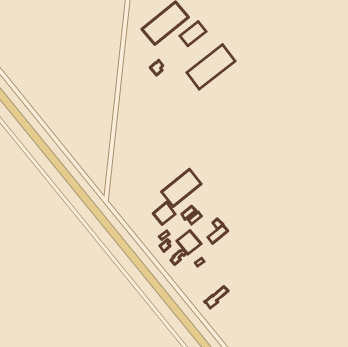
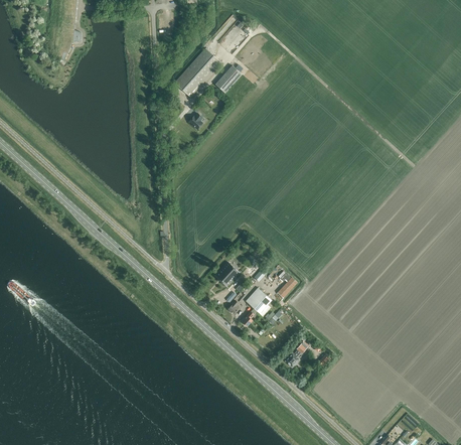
building: [187,45,235,89] -> none
building: [162,169,201,207] -> none

